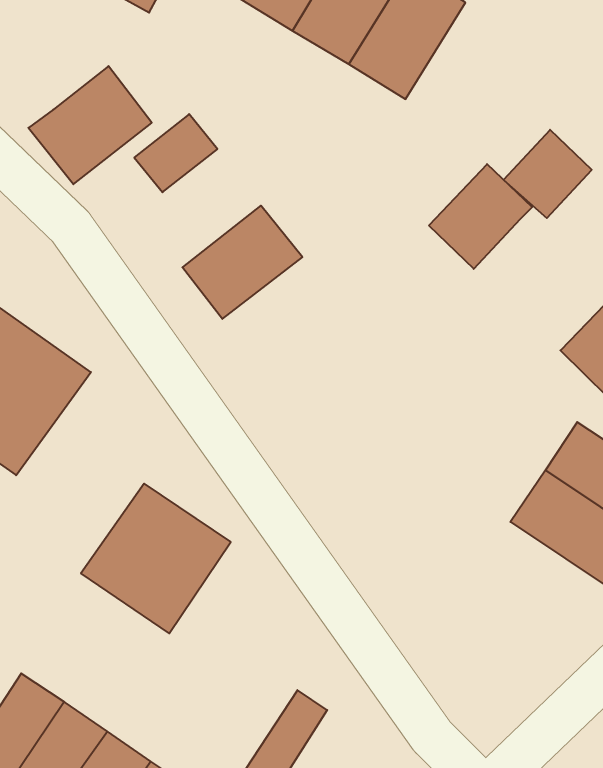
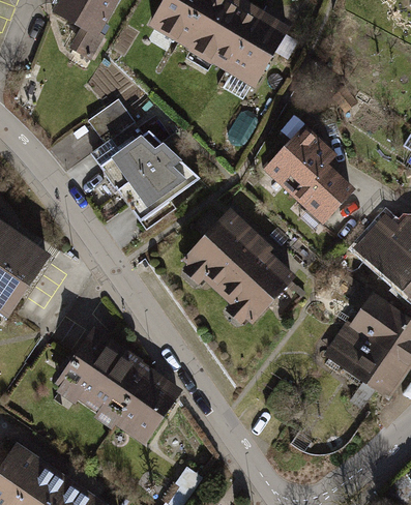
building: [28,66,152,184] -> [87,119,164,192]
building: [503,130,592,218] -> [296,162,351,217]
building: none -> [181,207,296,325]
building: none -> [107,363,182,445]

